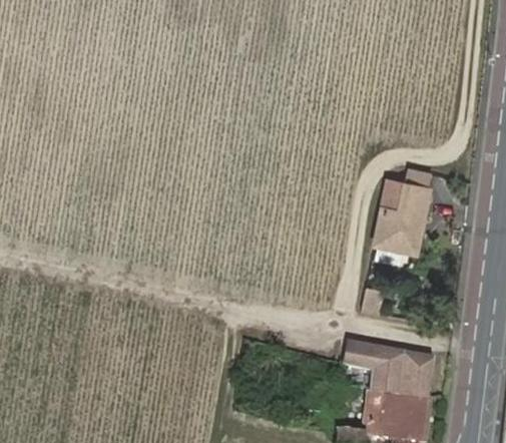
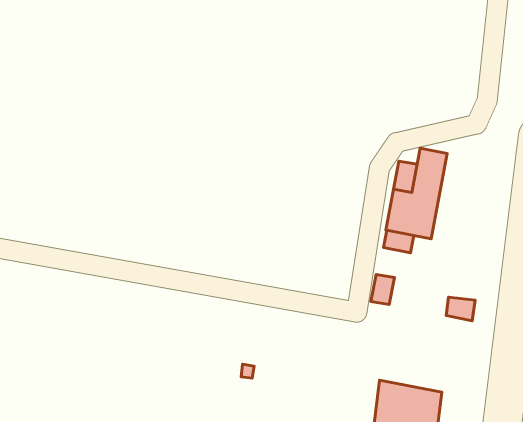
building: [346,338,432,391] -> none

